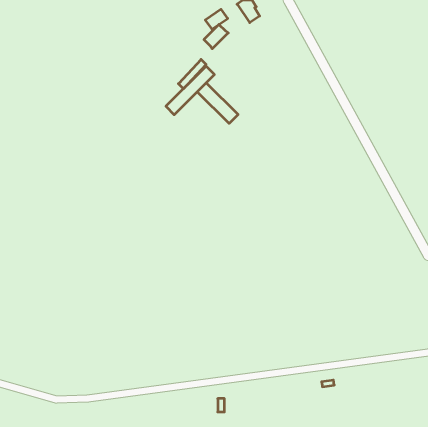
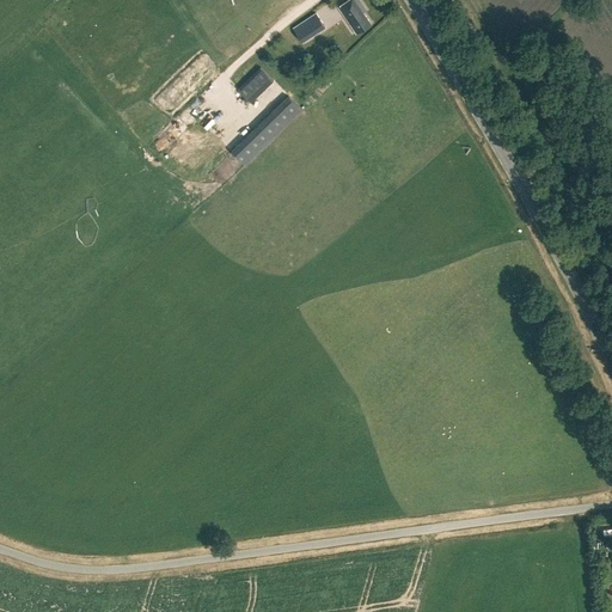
building: [204,24,228,49] -> [238,68,273,103]
building: [197,83,238,123] -> none

